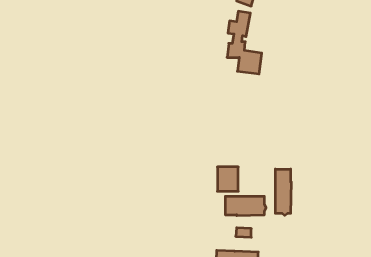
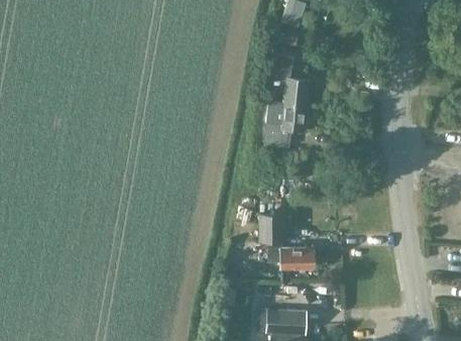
building: none -> [264,102,309,148]
building: [275,169,291,215] -> none

